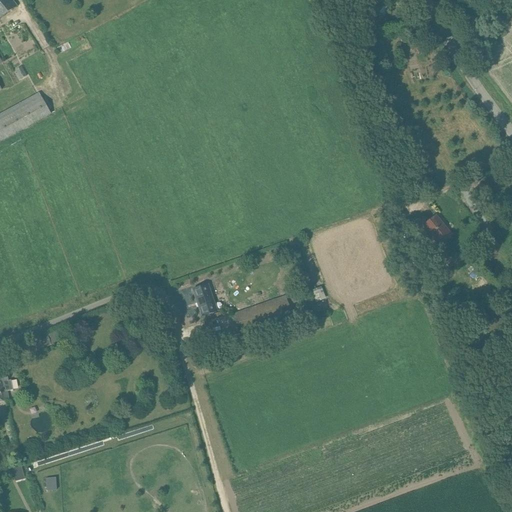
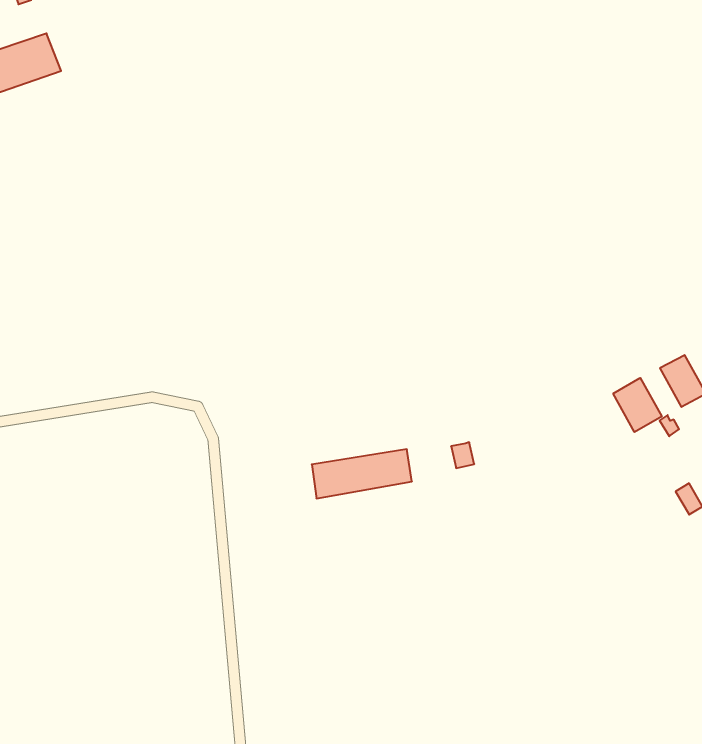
building: none -> [613,378,662,432]
building: [192,282,216,315] -> none

